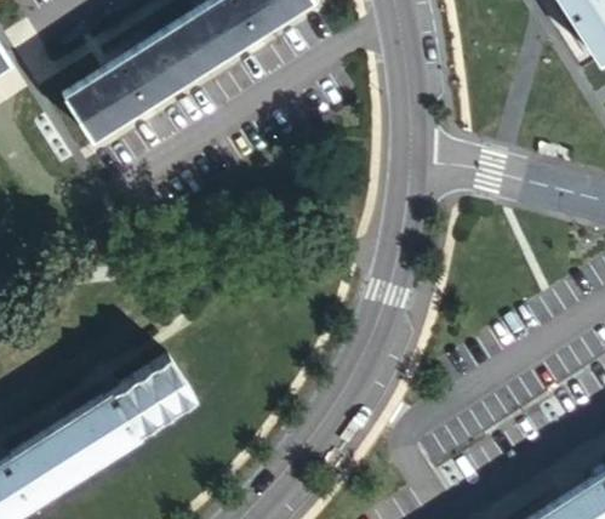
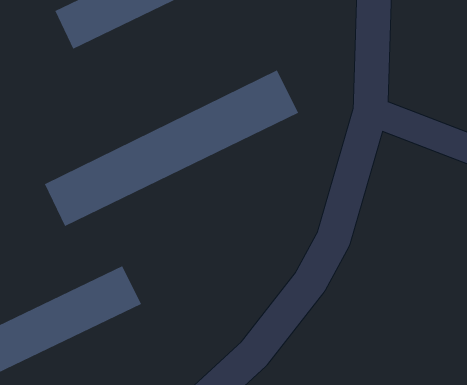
building: none -> [44,70,299,227]

